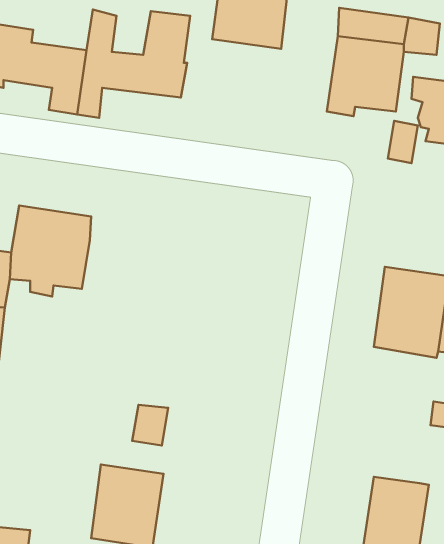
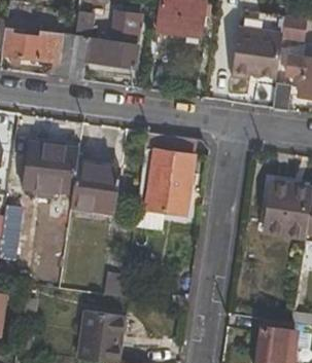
building: none -> [145,134,195,215]
building: none -> [69,161,122,214]

